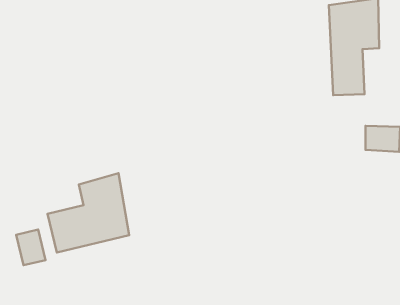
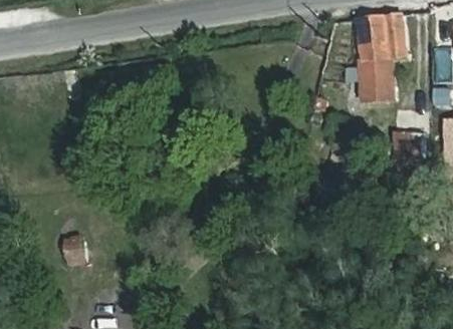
building: [47,173,129,252] -> none

